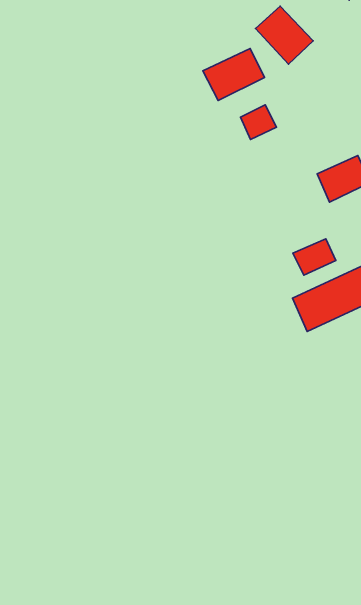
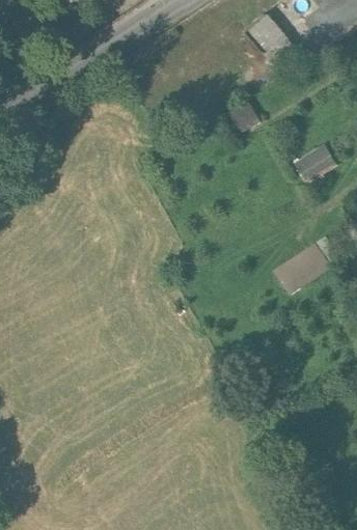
building: [203,48,265,101] -> none
building: [293,239,336,275] -> none

